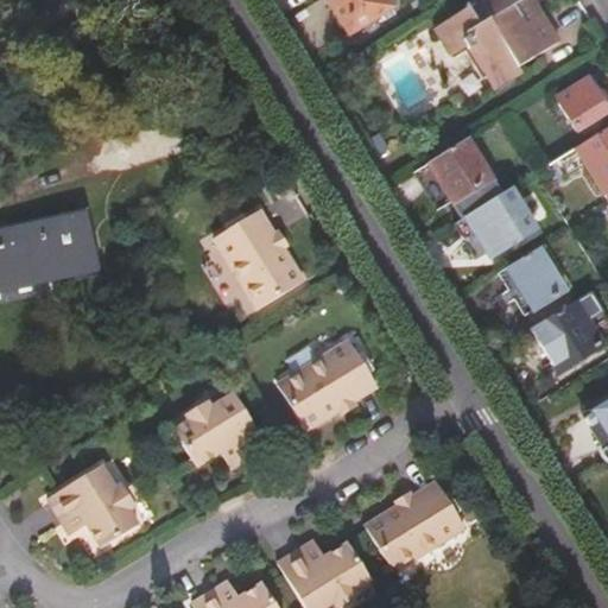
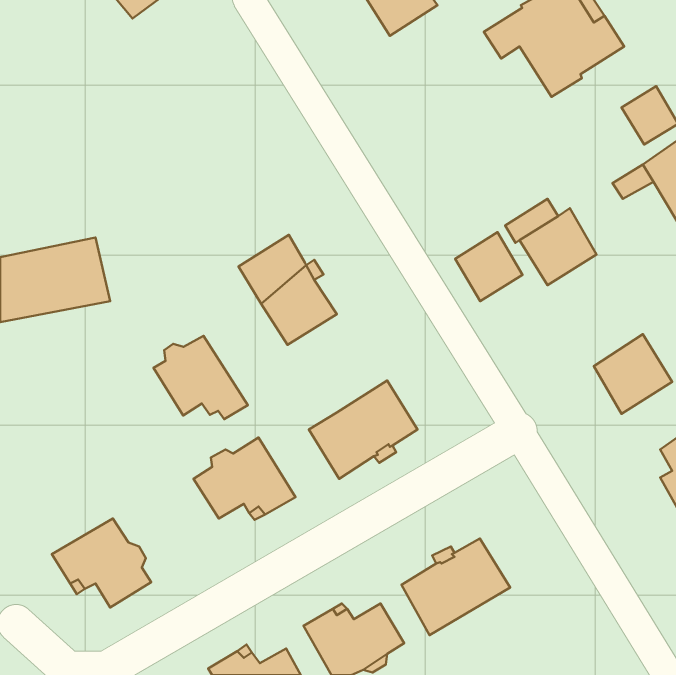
building: [431,140,492,202] -> [455,232,523,301]
building: [508,248,563,309] -> none
building: none -> [153,336,248,419]

